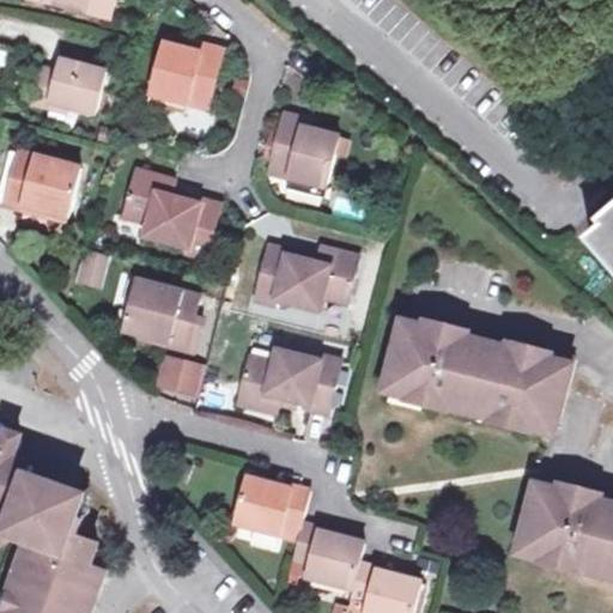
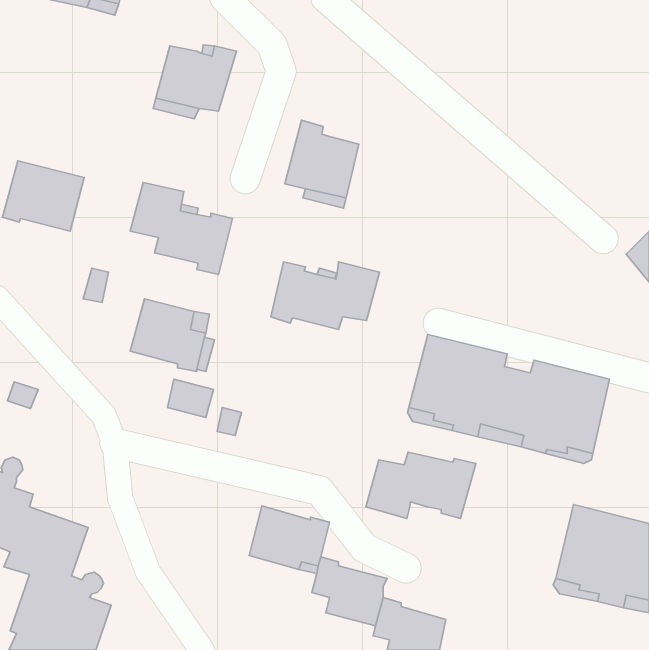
building: [30,60,104,111] -> none
building: [237,350,340,412] -> [366,452,476,518]

